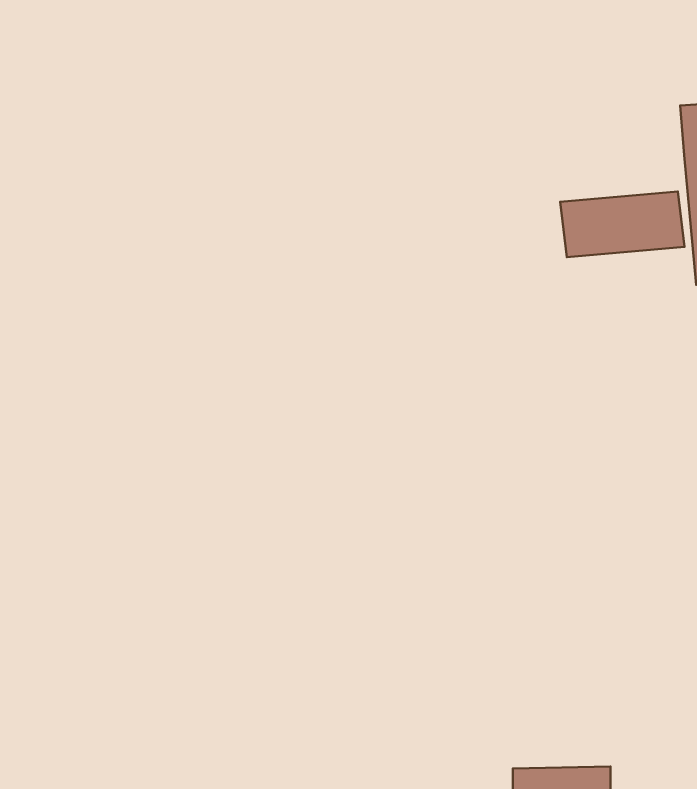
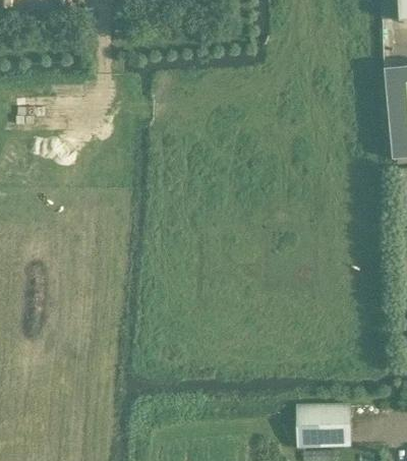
building: [560,192,684,257] -> none

